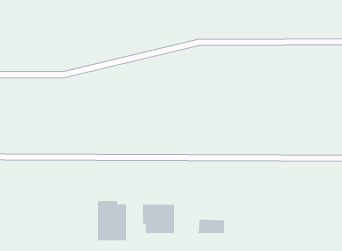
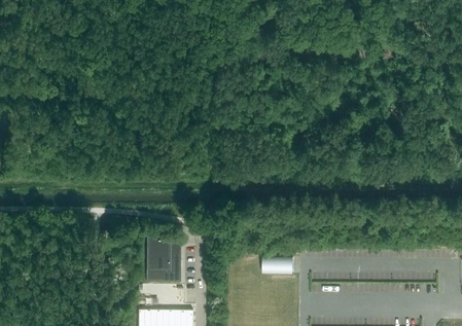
building: [142,204,175,234] -> none

